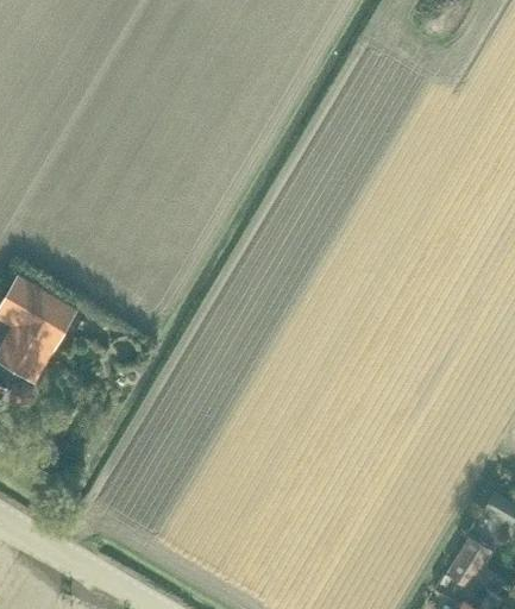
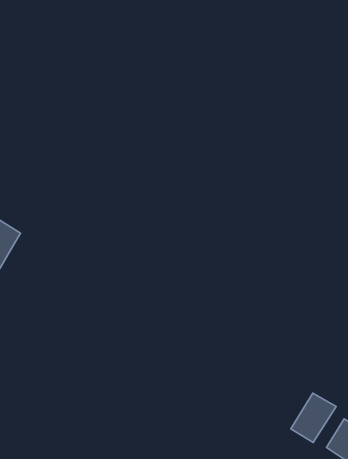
building: none -> [291,393,336,443]

